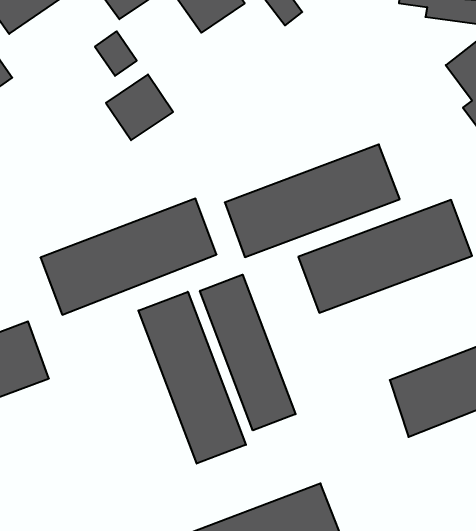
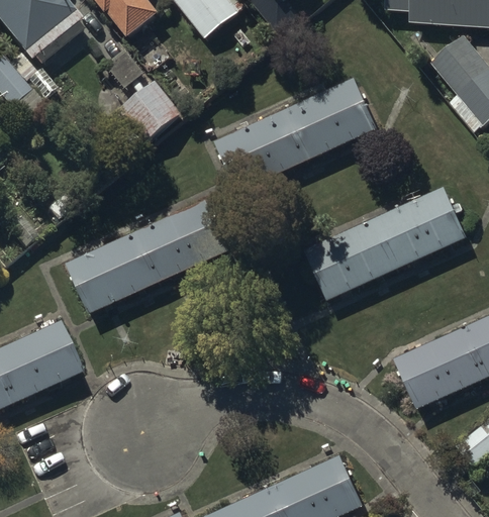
building: [225,144,400,257] -> [215,78,377,189]
building: [200,275,296,430] -> none
building: [138,292,246,464] -> none

